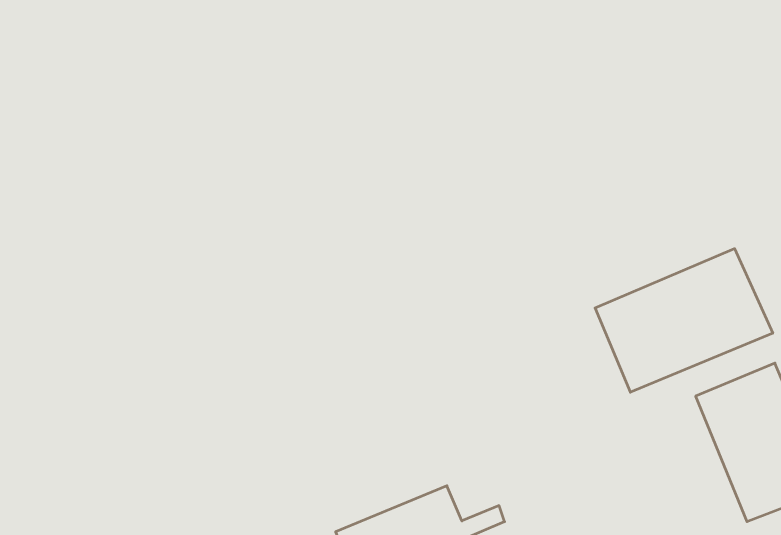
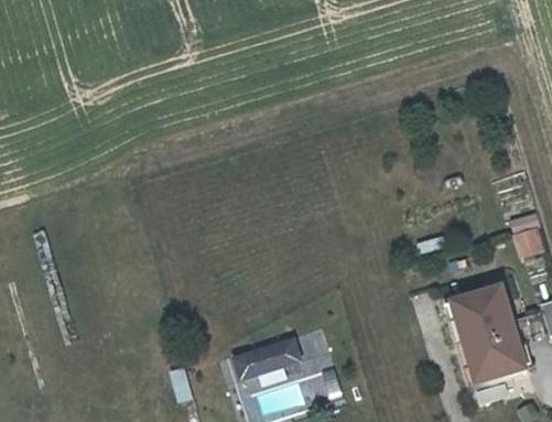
building: [595,249,773,392] -> none

